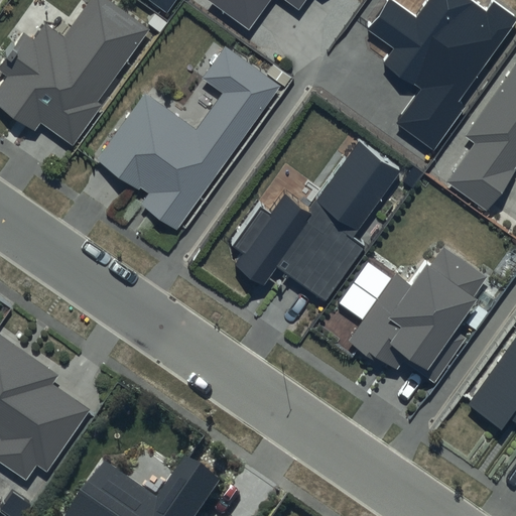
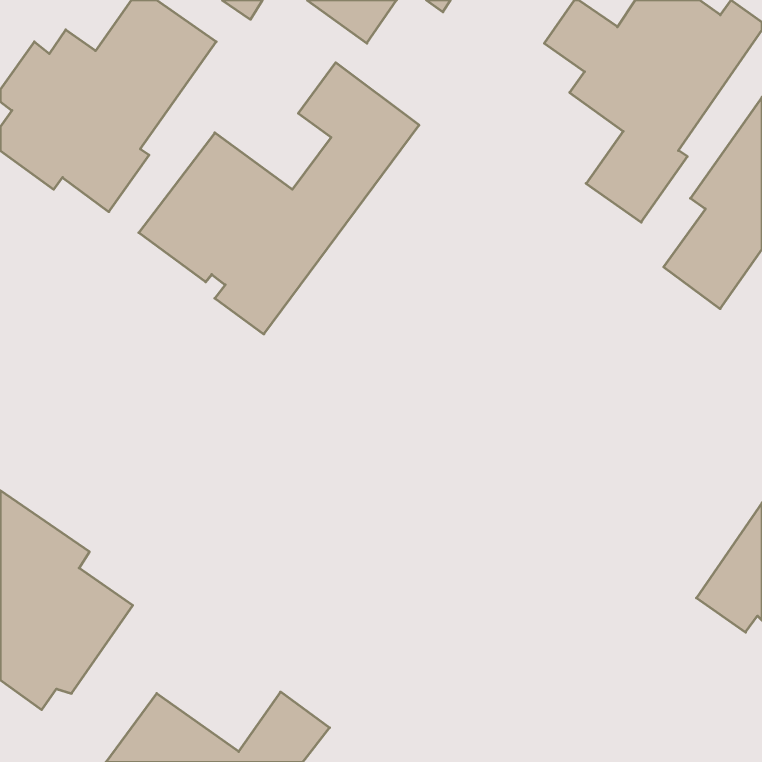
building: [233,138,405,301] -> none
building: [346,244,489,385] -> none

